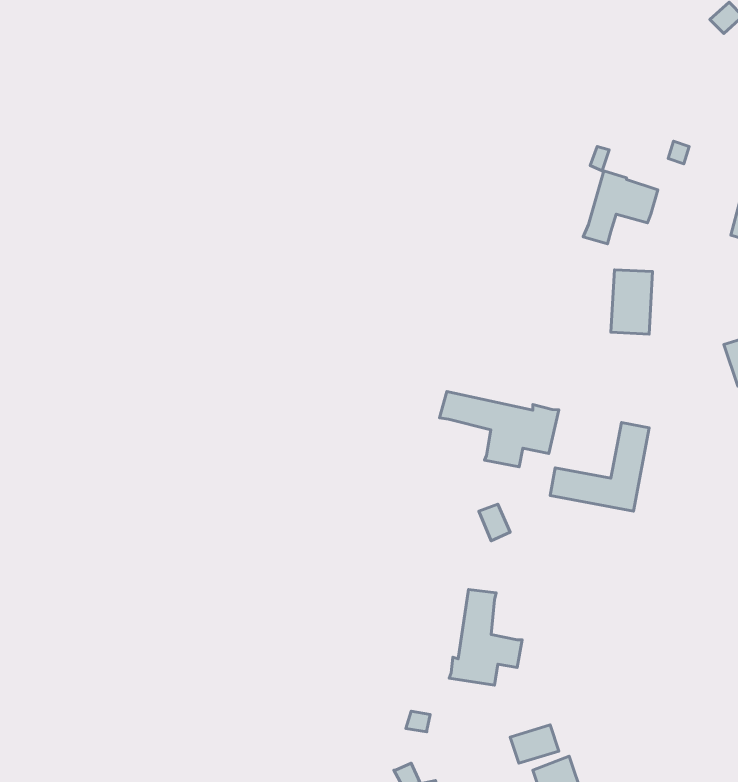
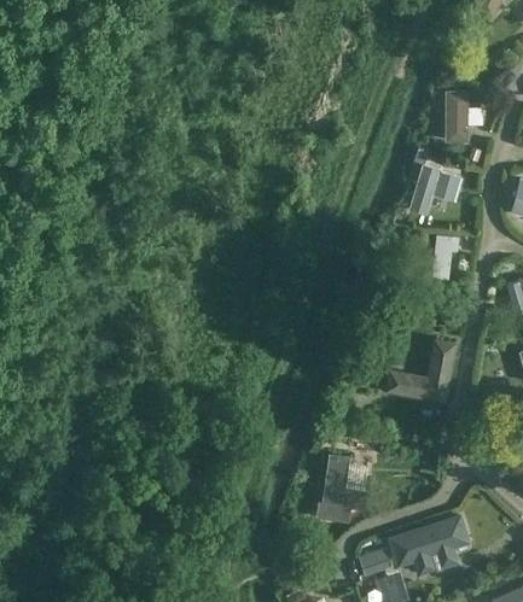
building: none -> [447,87,478,136]
building: [440,391,559,467] -> none
building: none -> [389,515,469,573]

